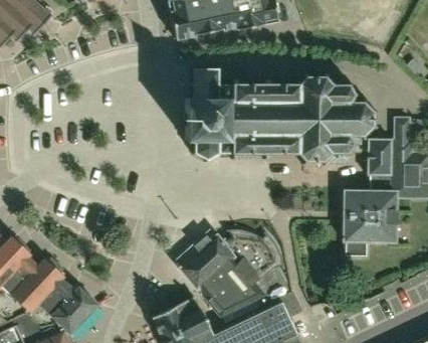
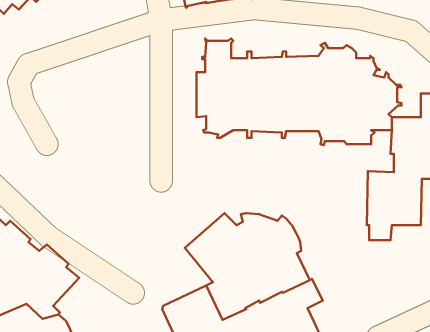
building: [50,288,96,335] -> none

